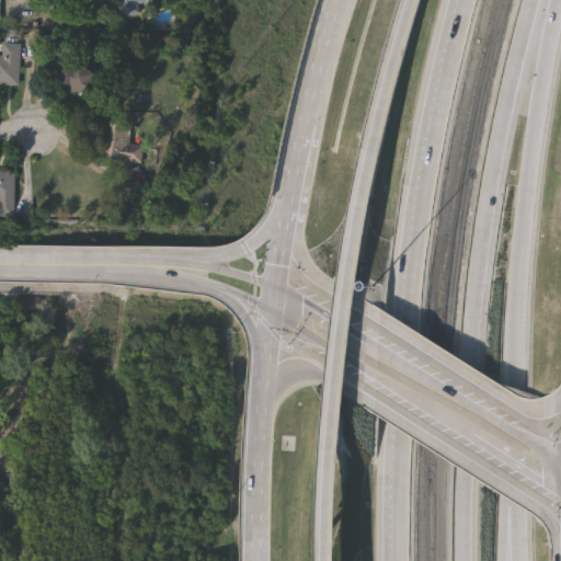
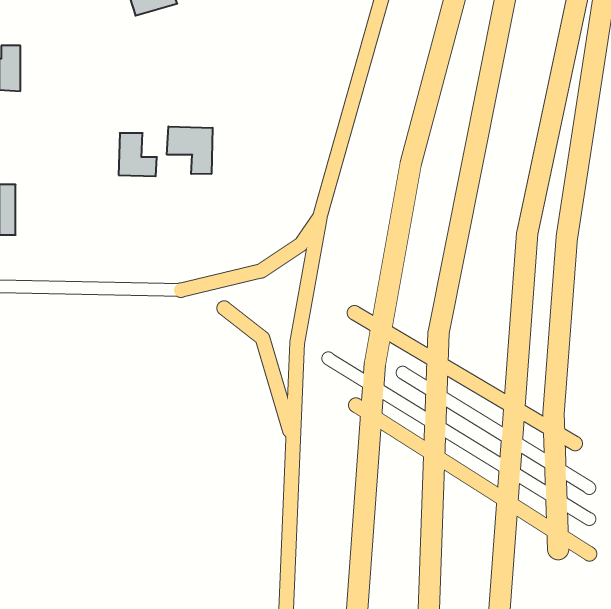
building: [43,56,98,99] -> none
building: none -> [167,126,213,174]

